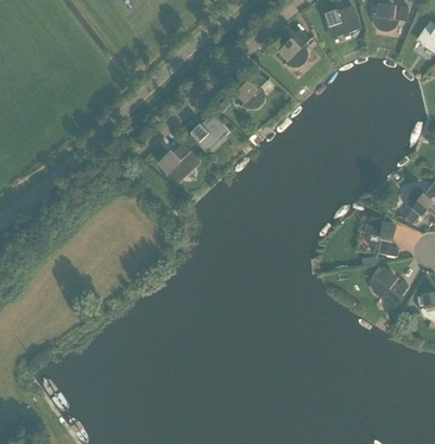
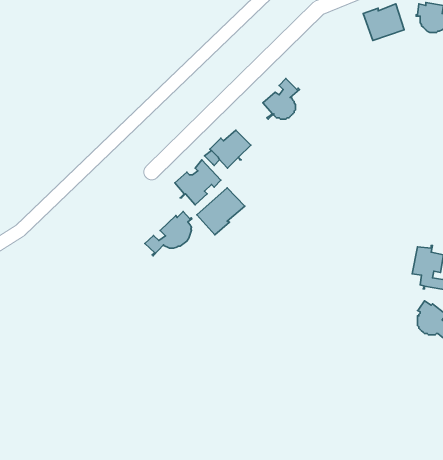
building: [278,29,311,65] -> none
building: none -> [197,188,245,235]
building: none -> [145,212,192,256]

